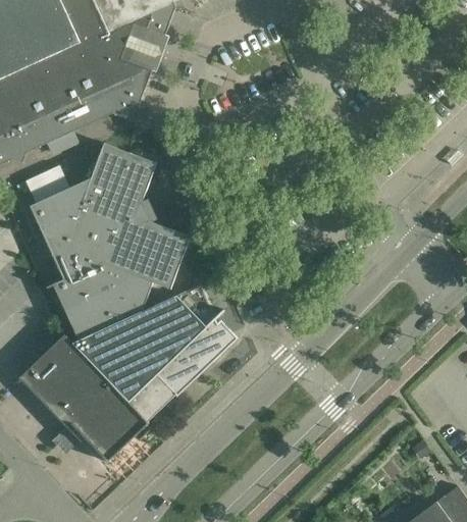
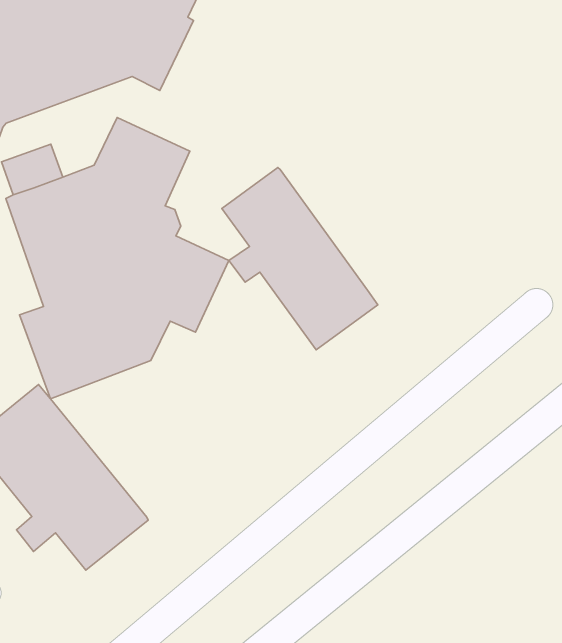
building: none -> [222,167,378,350]
building: [72,283,238,421] -> none

